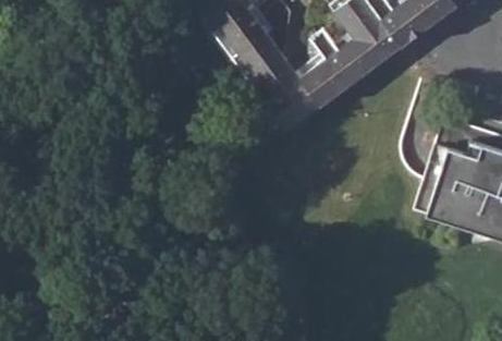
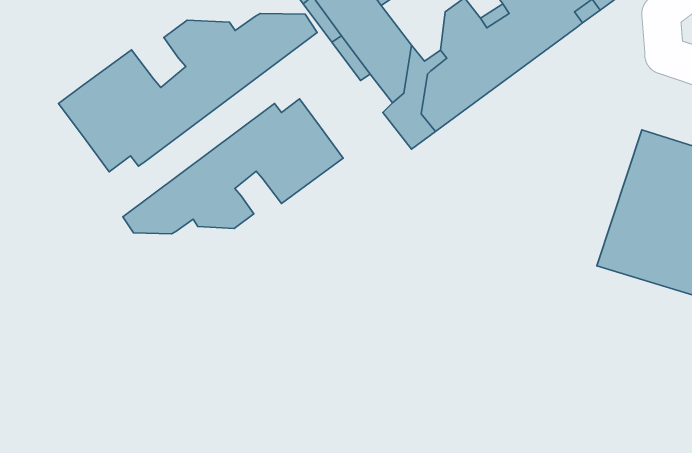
building: none -> [59,13,317,172]
building: none -> [123,99,343,234]

